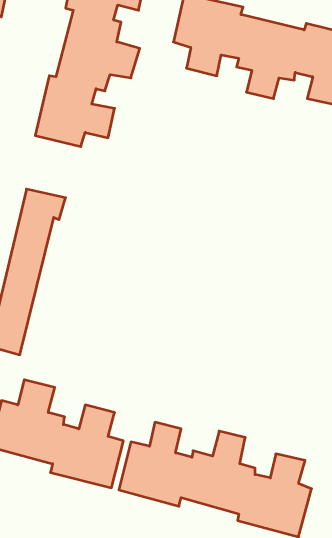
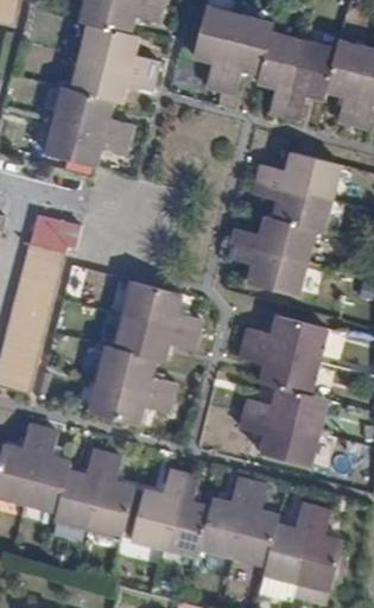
building: none -> [229,152,338,296]
building: none -> [84,280,199,424]
building: none -> [221,319,323,466]

